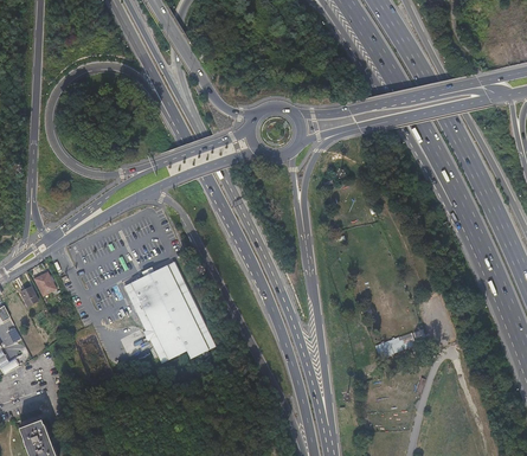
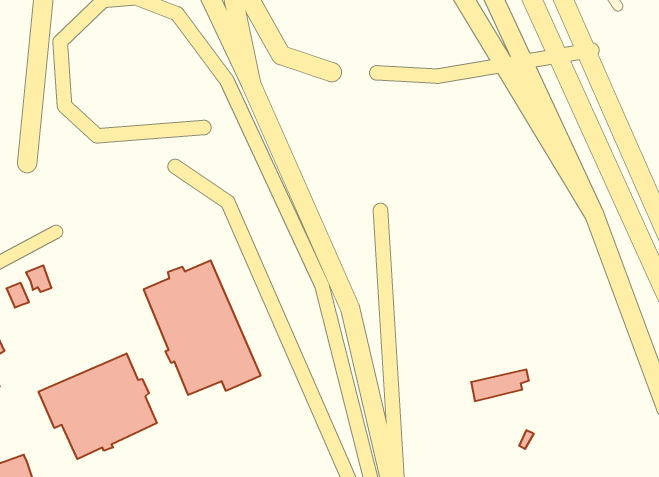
building: none -> [39,353,157,459]

